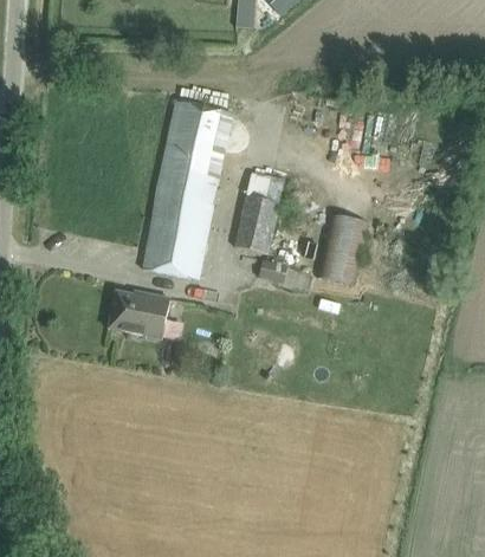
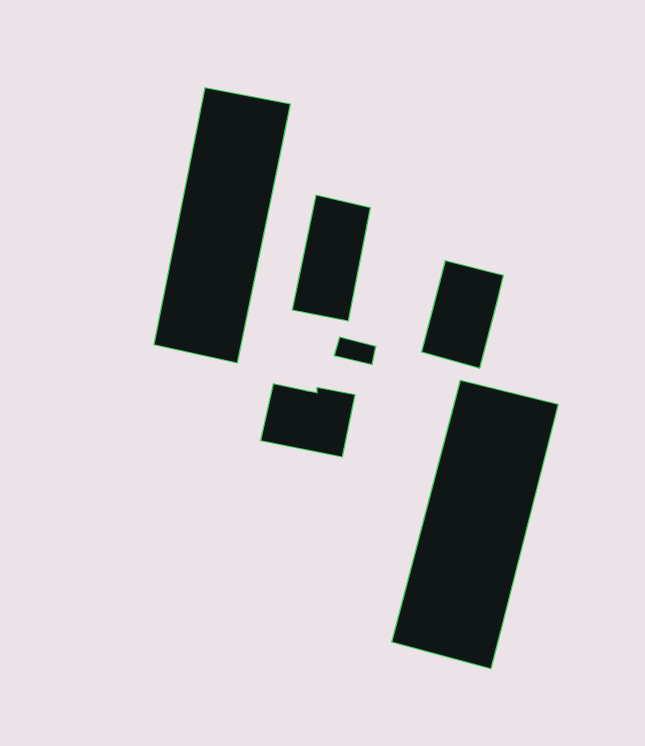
building: [108,290,169,337] -> [260,384,355,457]
building: none -> [392,380,558,669]

